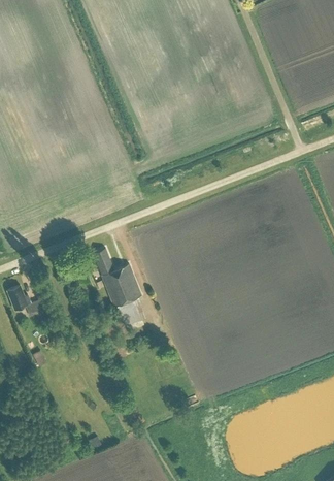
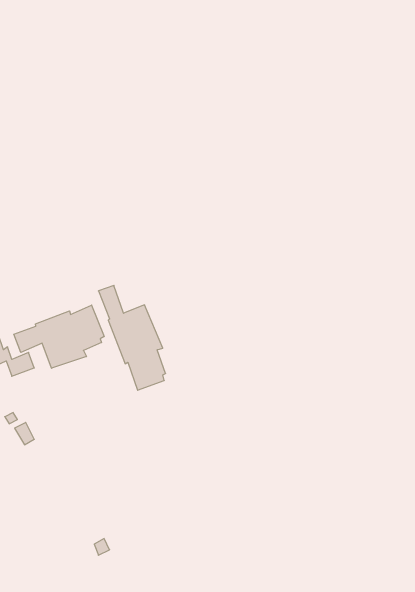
building: none -> [14,305,104,368]

